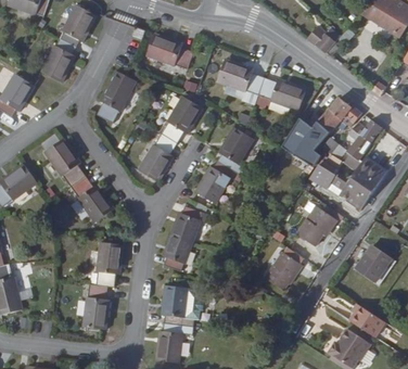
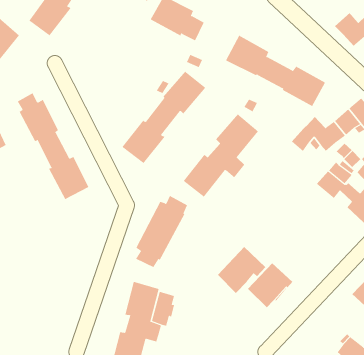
building: [97,68,137,123] -> none
building: [296,204,337,246] -> [217,246,266,294]
building: [82,241,124,330] -> none

